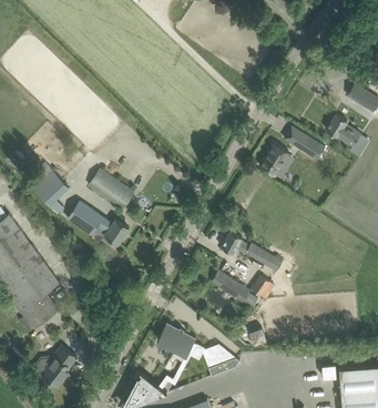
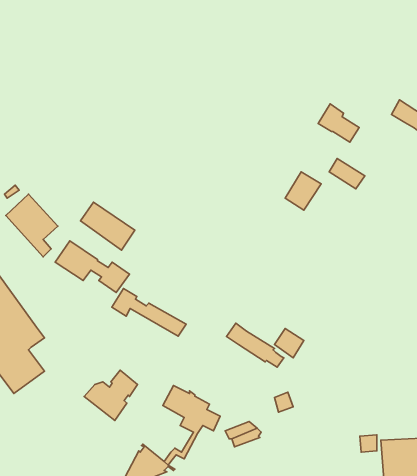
building: [326,114,360,146] -> [318,104,359,142]
building: [221,232,283,272] -> [112,288,186,336]
building: [32,346,76,388] -> [84,370,137,421]

